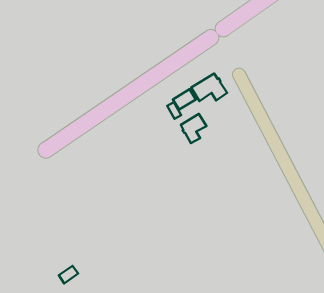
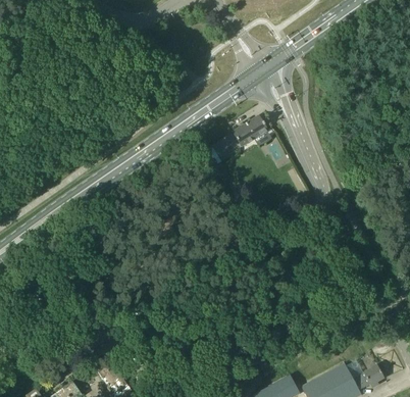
building: [181,114,206,143] -> none

